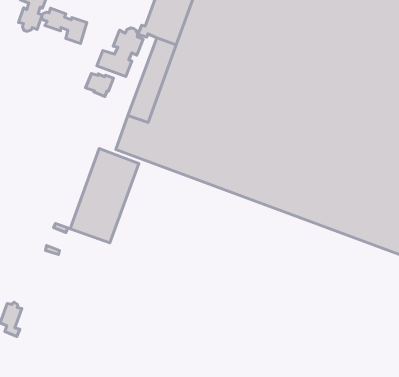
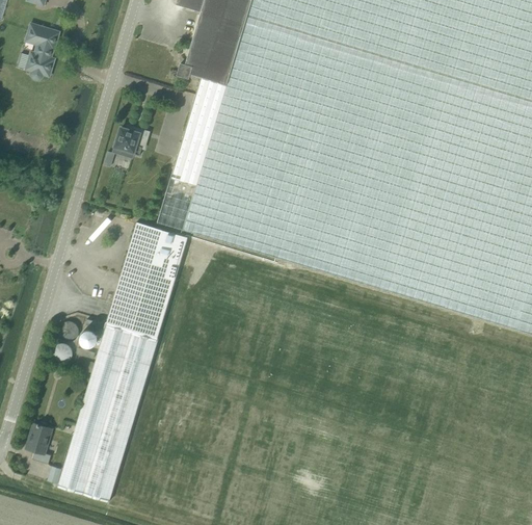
building: [42,8,87,43] -> none
building: [97,28,143,77] -> none
building: none -> [58,323,158,500]

